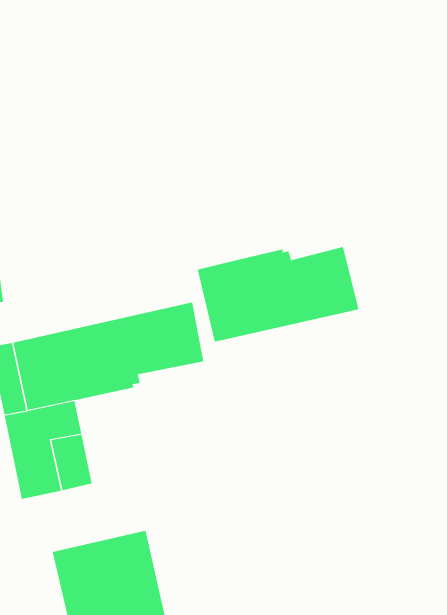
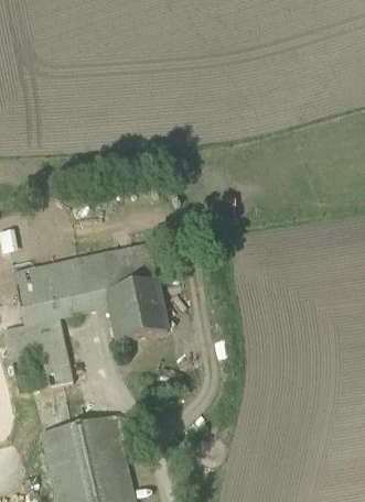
building: [197,246,359,342] -> none
building: none -> [108,287,167,340]

